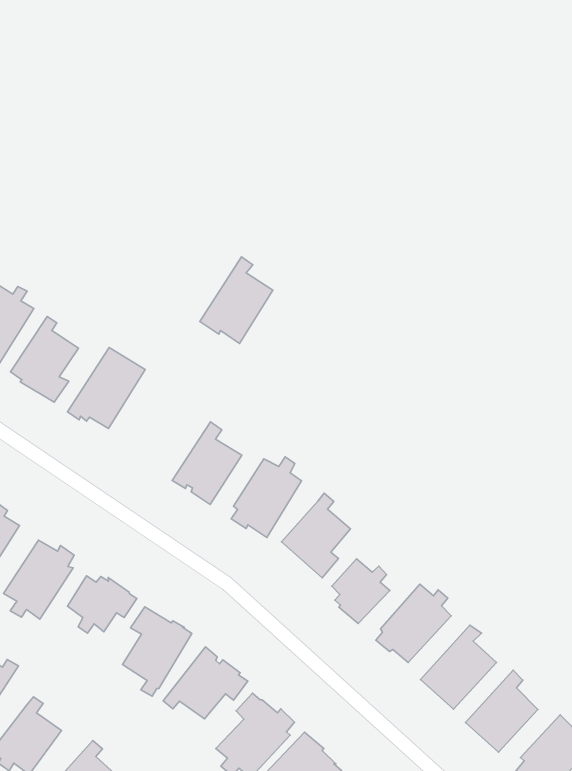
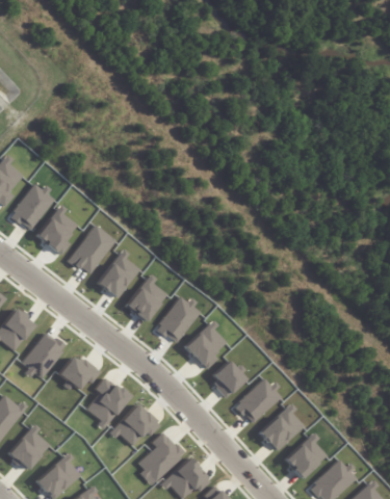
building: [200,257,273,343] -> [95,248,138,298]

